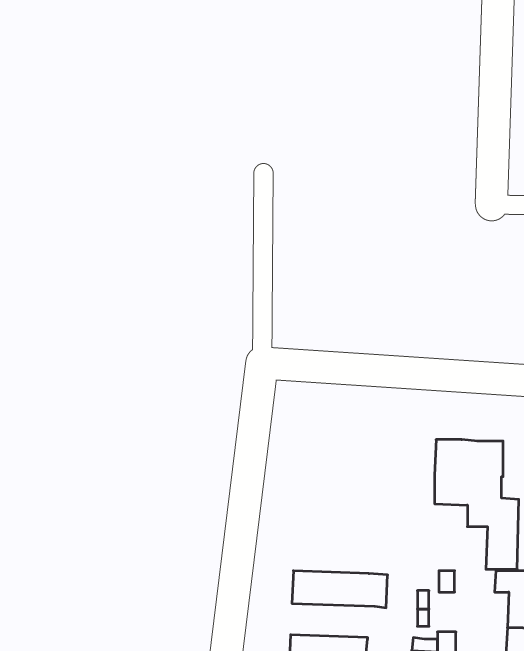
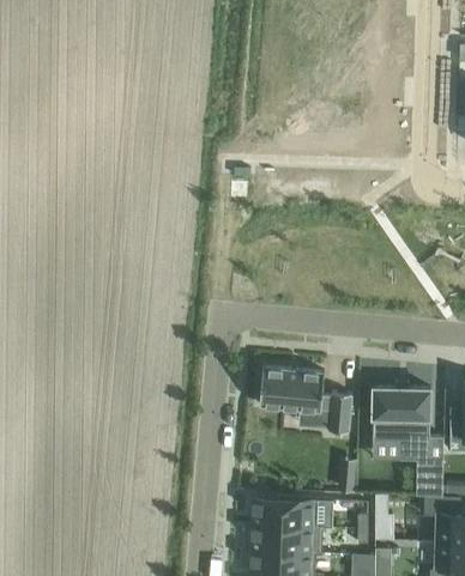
building: none -> [259,368,351,433]
building: none -> [252,526,322,556]

